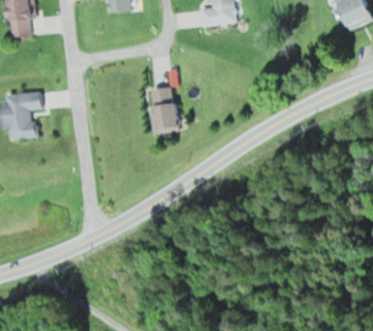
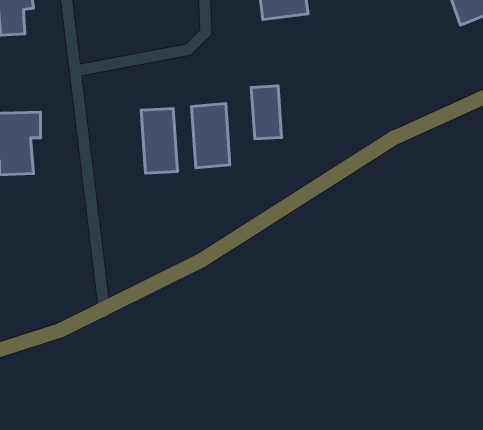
building: none -> [251,86,282,139]
building: none -> [141,108,178,173]

